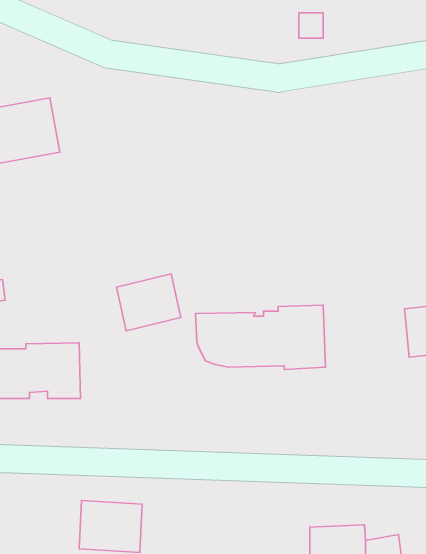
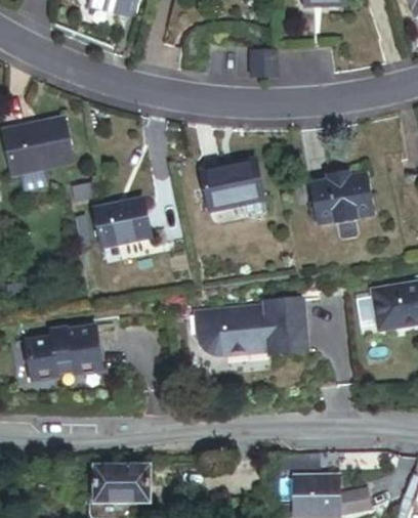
building: none -> [203,158,265,209]
building: none -> [311,167,375,222]
building: [117,274,181,331] -> [97,199,152,247]

